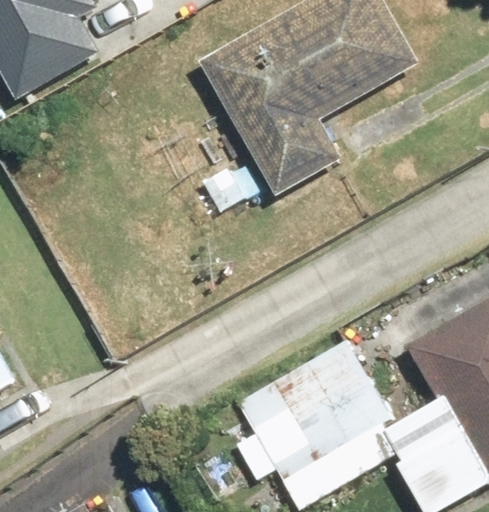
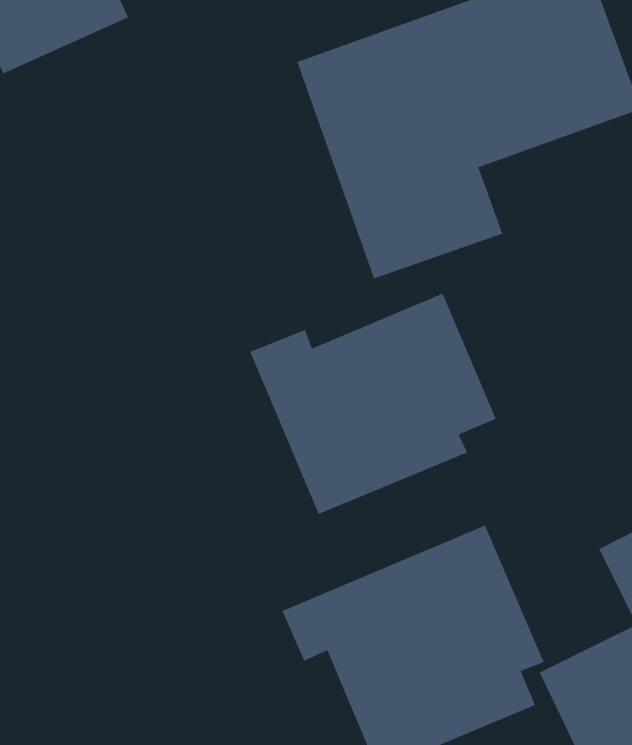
building: none -> [250,293,497,515]

